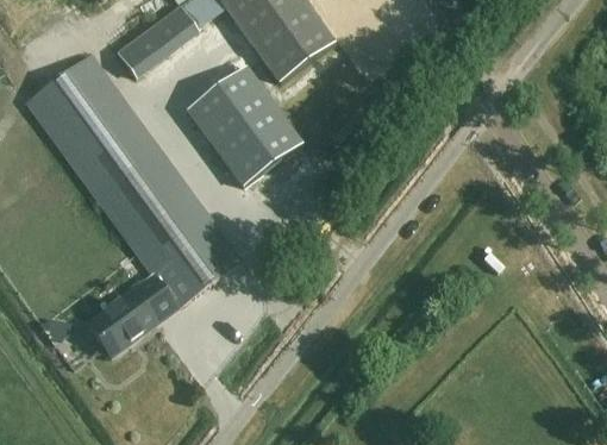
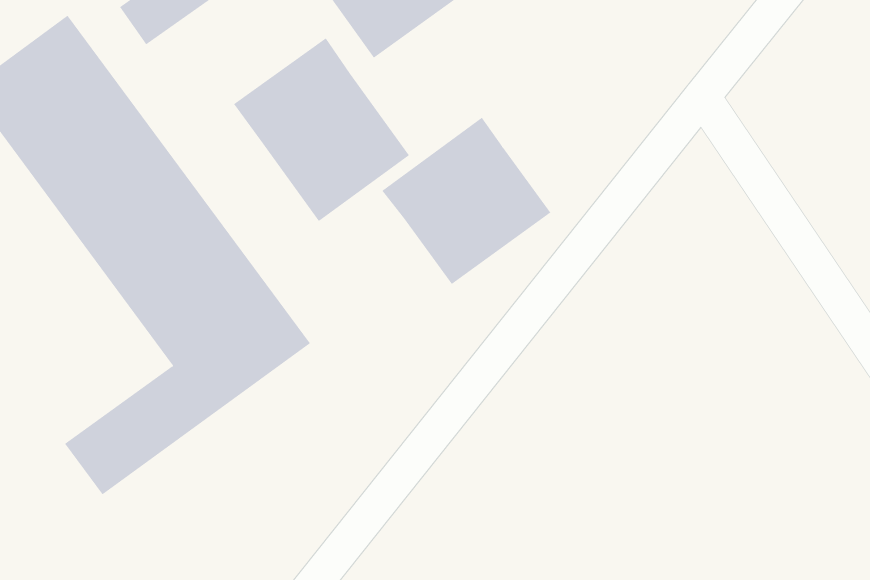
building: none -> [382,117,551,285]

